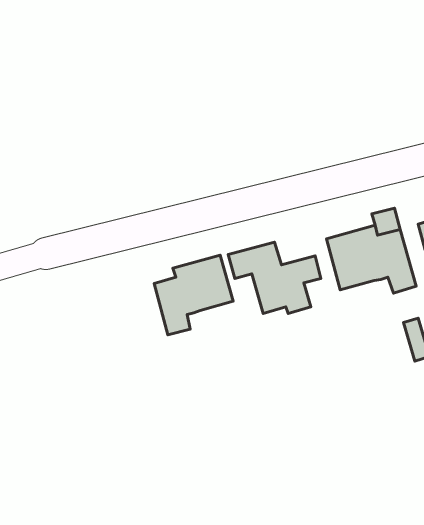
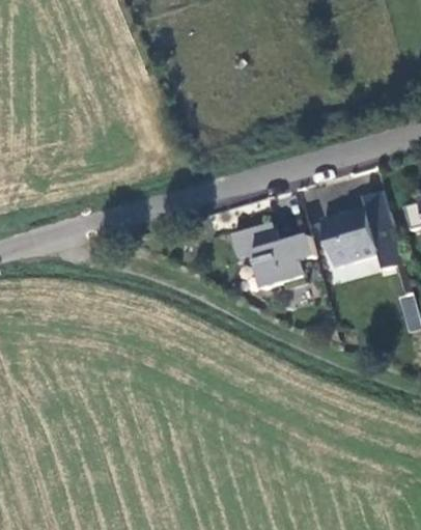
building: [154,255,233,335] -> none

